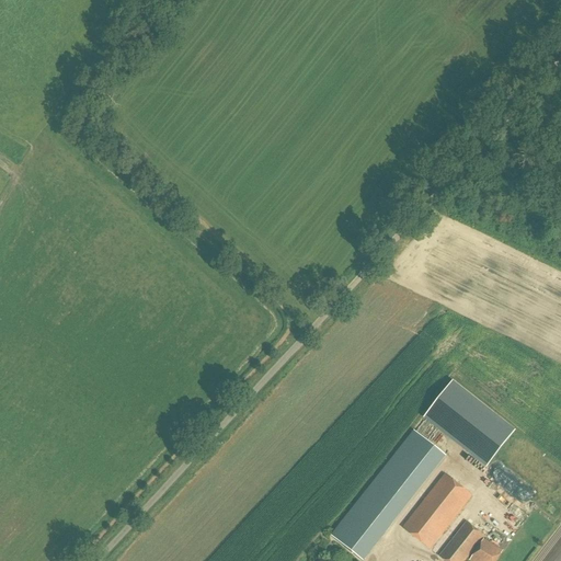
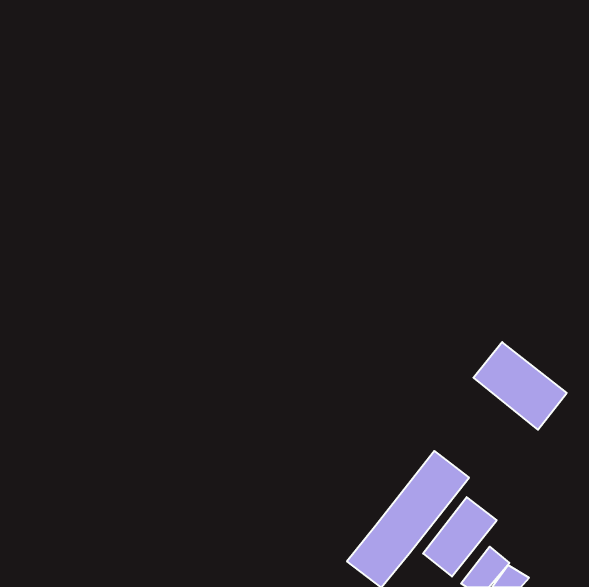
building: [425,381,514,465] -> [473,342,567,430]

